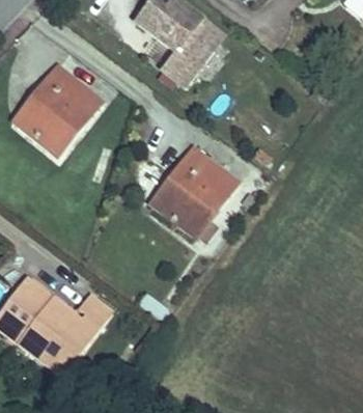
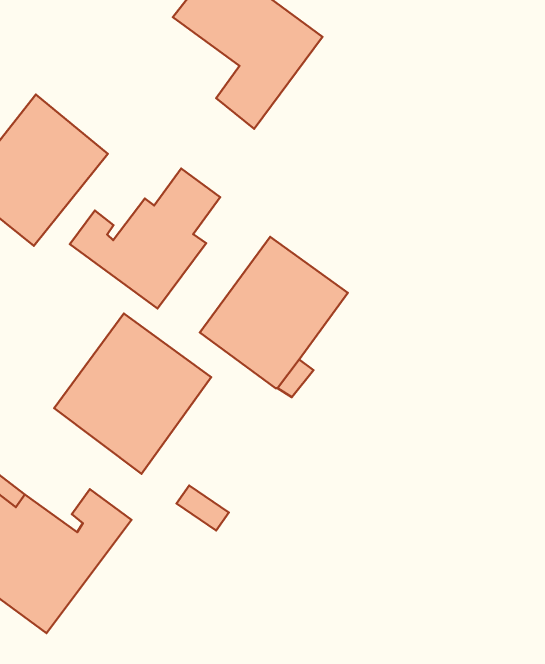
building: none -> [70,168,220,308]
building: none -> [54,313,211,474]

